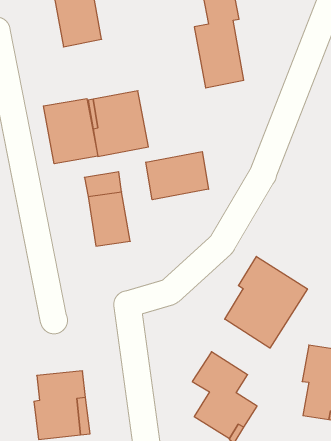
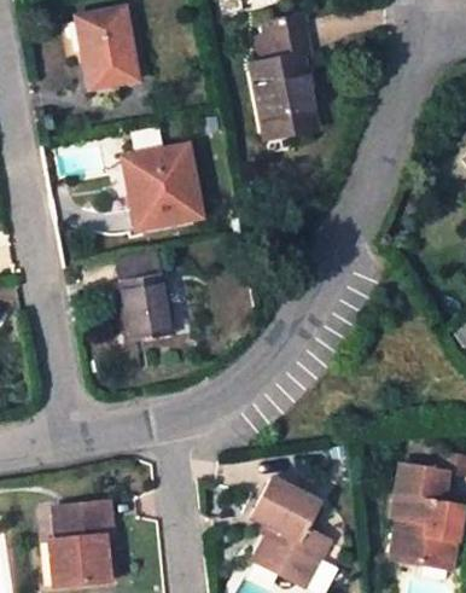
building: [43,99,98,164] -> none
building: [146,152,209,200] -> none
building: [225,256,307,348] -> none

